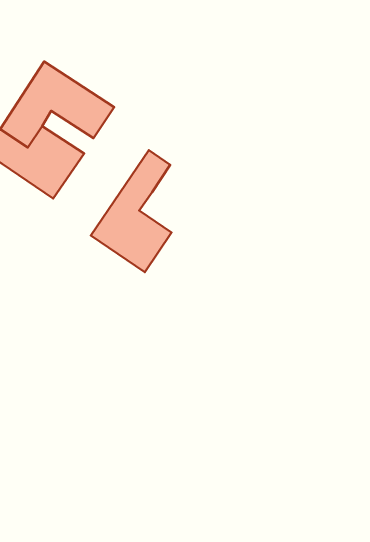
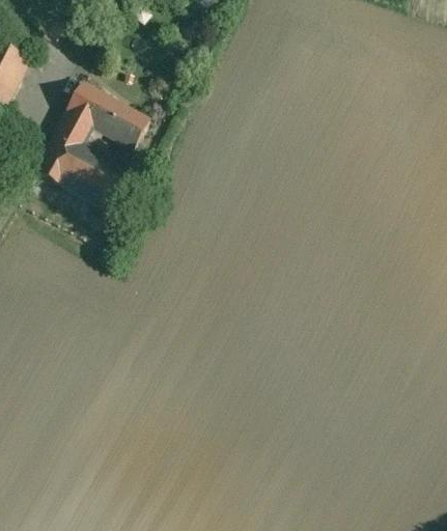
building: [91,150,171,272] -> none

